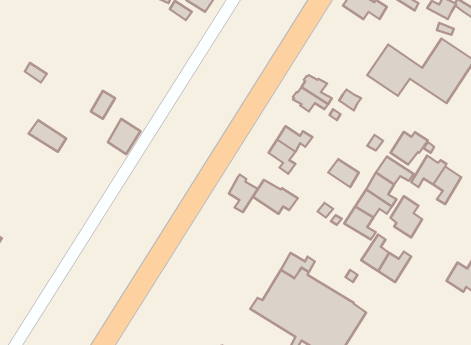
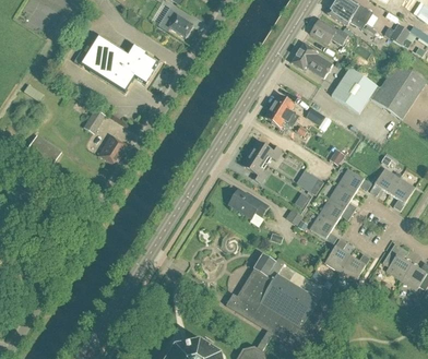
building: none -> [80,33,159,93]
building: none -> [292,43,332,77]
building: [390,132,428,165] -> none
building: [229,175,258,212] -> none
building: [390,196,422,237] -> [383,242,412,279]

